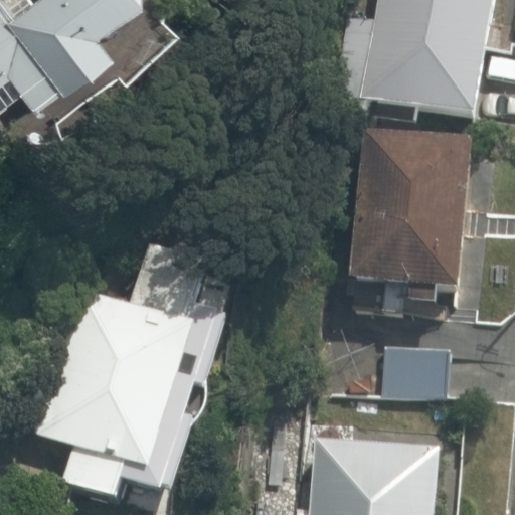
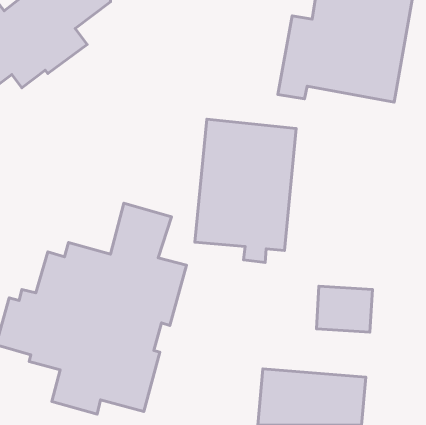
building: [352,136,474,308] -> [195,119,296,262]

